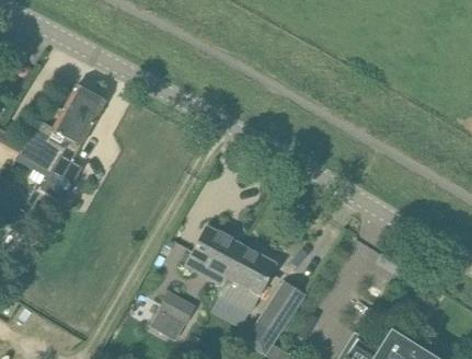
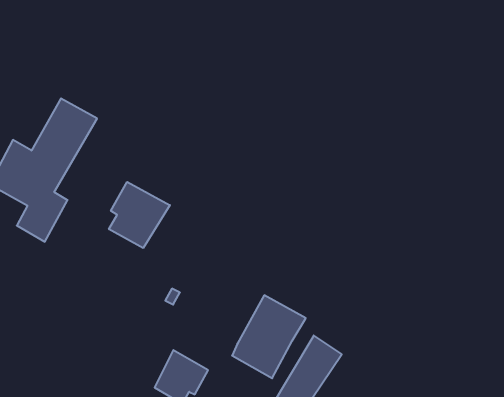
building: none -> [109,182,170,248]
building: [185,224,244,283] -> none

